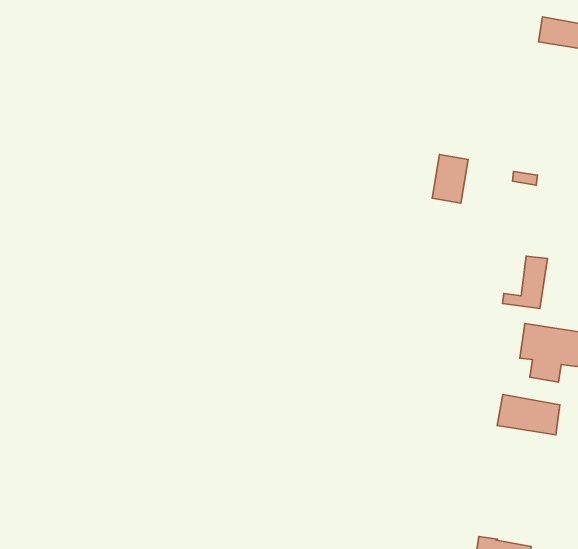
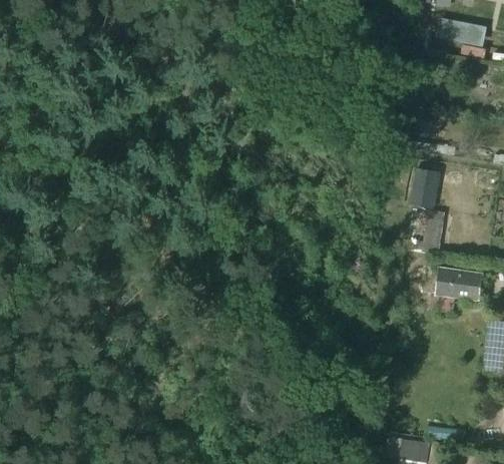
building: [432,154,468,203] -> [410,169,439,208]
building: [497,395,560,435] -> none

